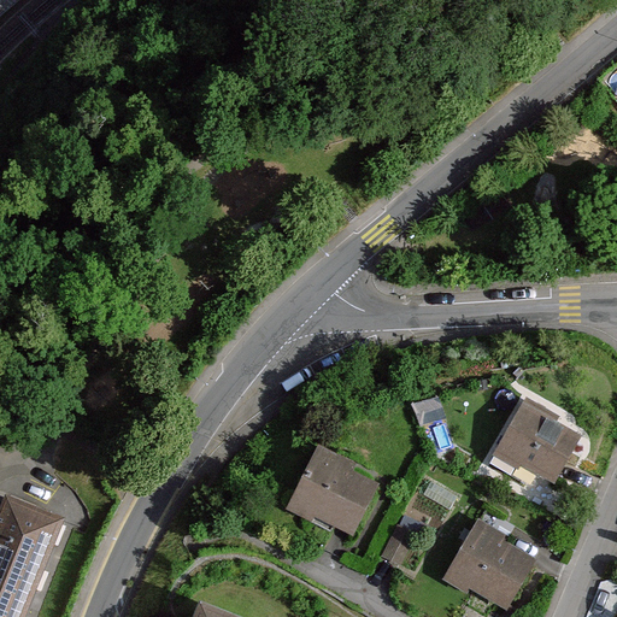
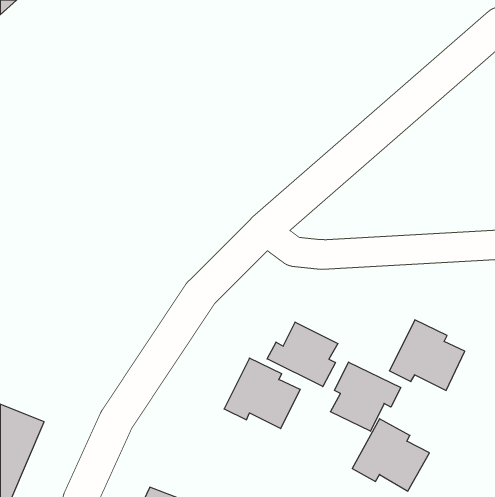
building: none -> [267,322,338,387]
building: none -> [330,362,401,431]

